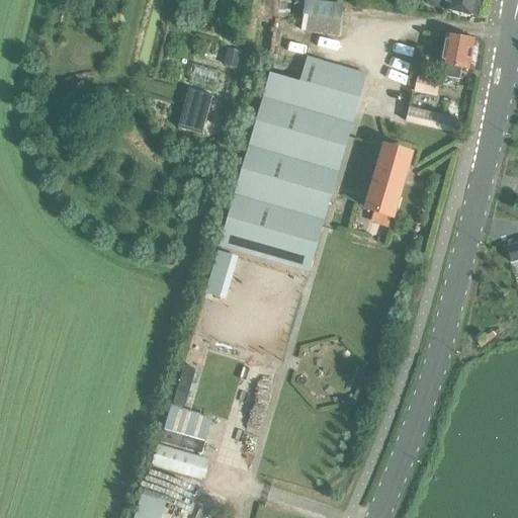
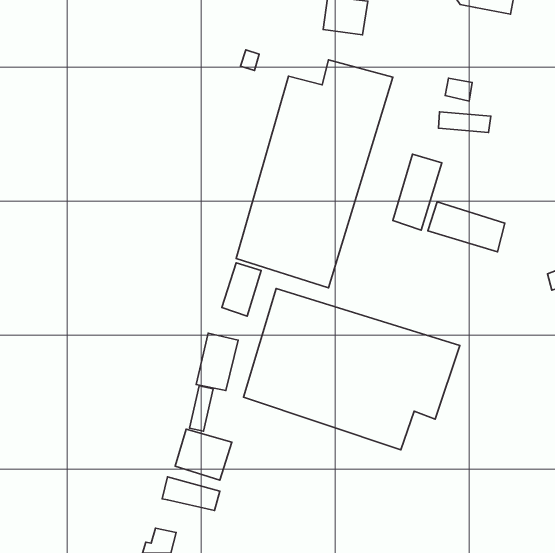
building: [440,31,474,74] -> none
building: [183,84,215,130] -> none
building: none -> [428,202,505,252]
building: none -> [244,289,460,450]
building: none -> [196,333,238,391]

